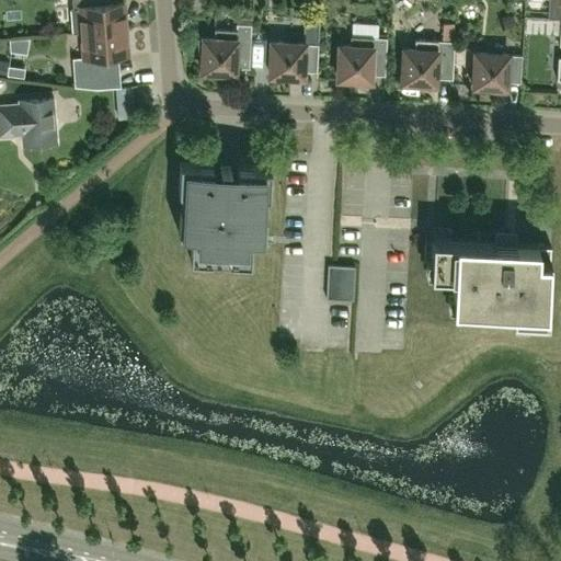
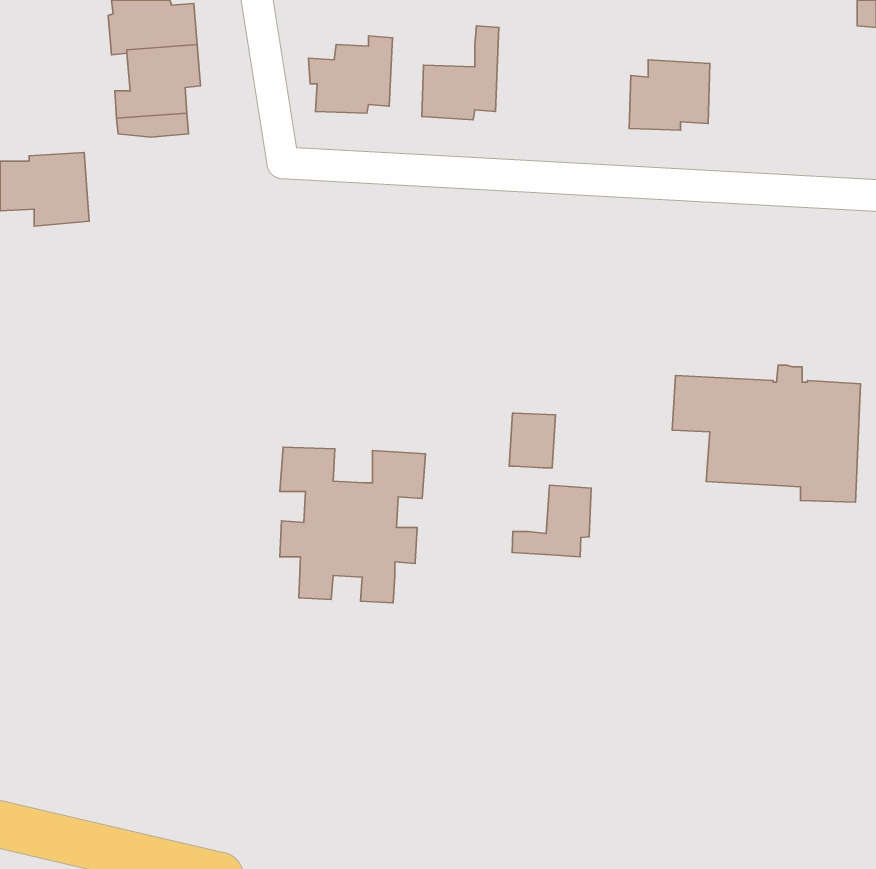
building: [337,39,387,84] -> none
building: [473,56,522,91] -> none
building: [178,167,271,266] -> [280,447,426,603]
building: none -> [512,485,591,557]

